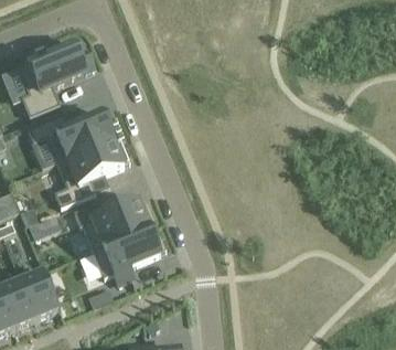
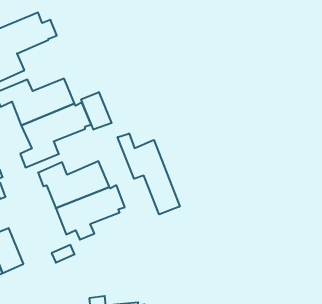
building: none -> [81,92,112,130]
building: none -> [118,133,180,214]

